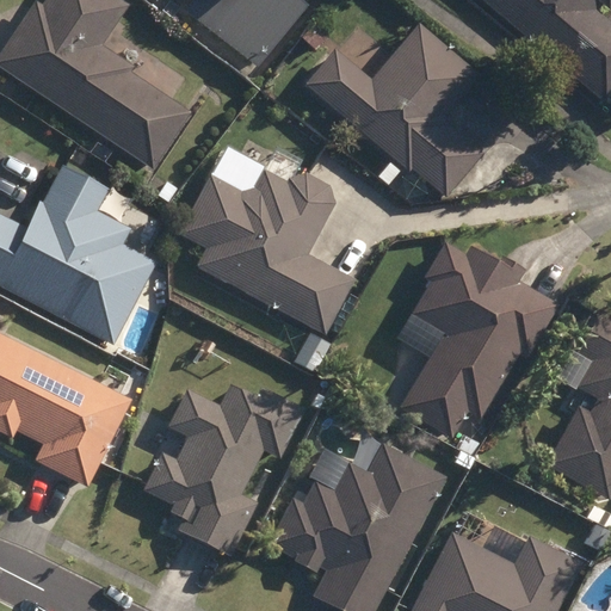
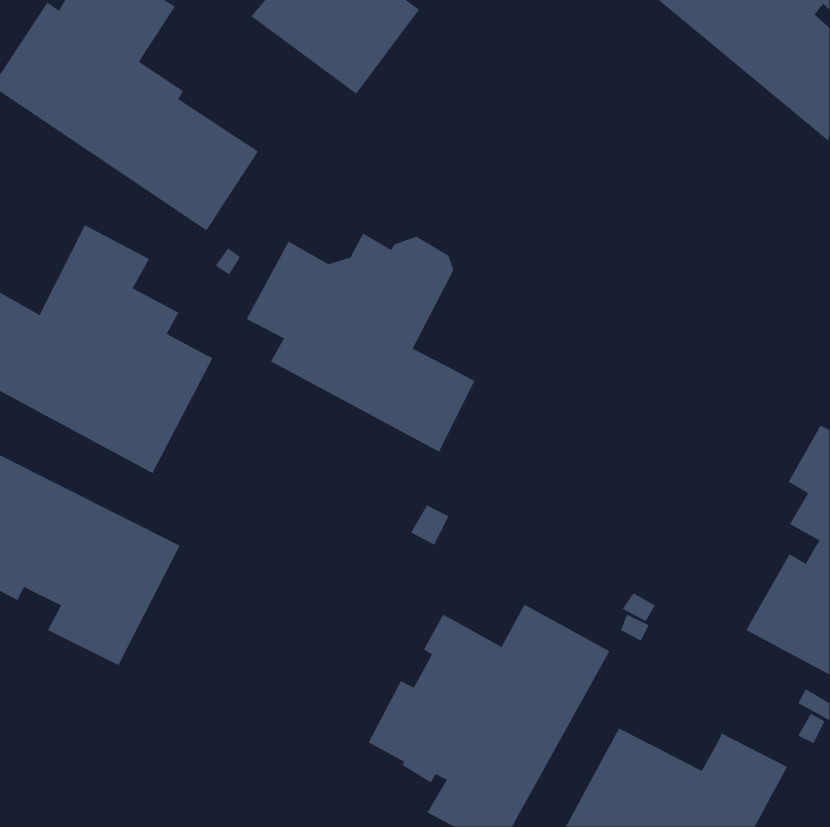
building: [306,25,485,197] -> none
building: [400,242,560,439] -> none
building: [144,383,300,553] -> none

